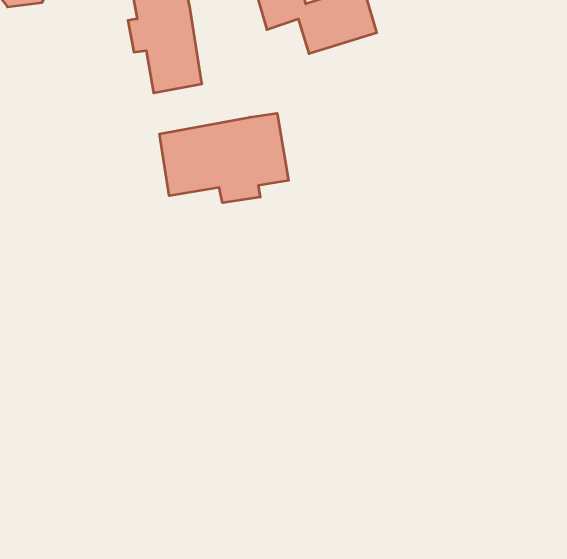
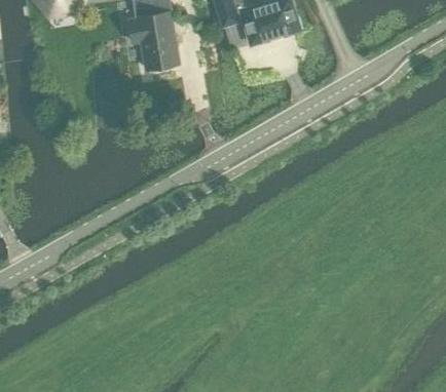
building: [160,113,289,203] -> none

